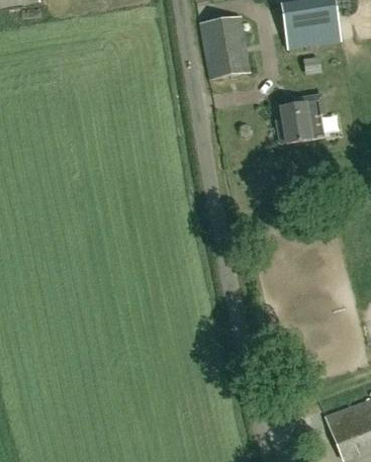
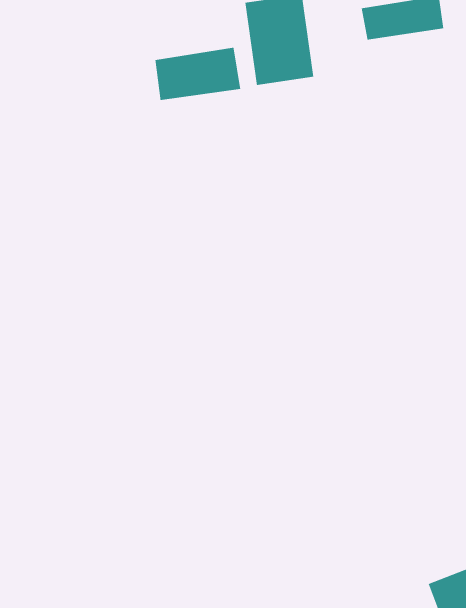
building: none -> [155,47,241,101]
building: [277,94,323,143] -> none

